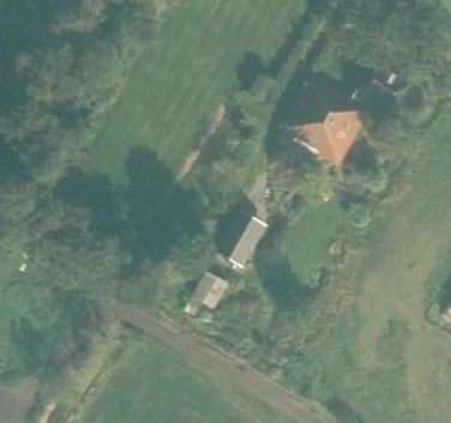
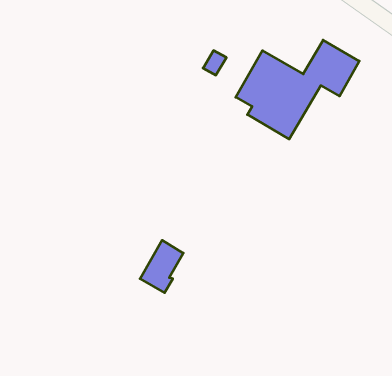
building: [214,216,260,266] -> none

